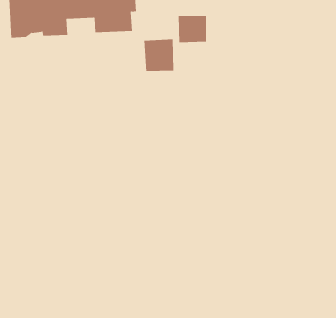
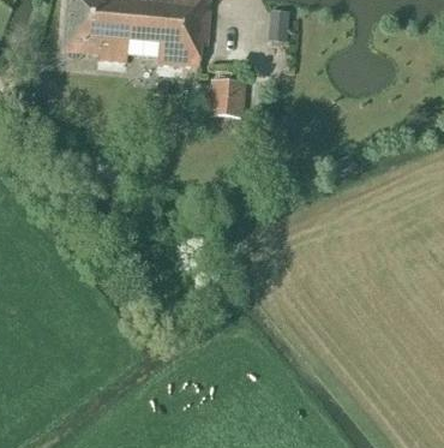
building: [178,15,207,43] -> none

